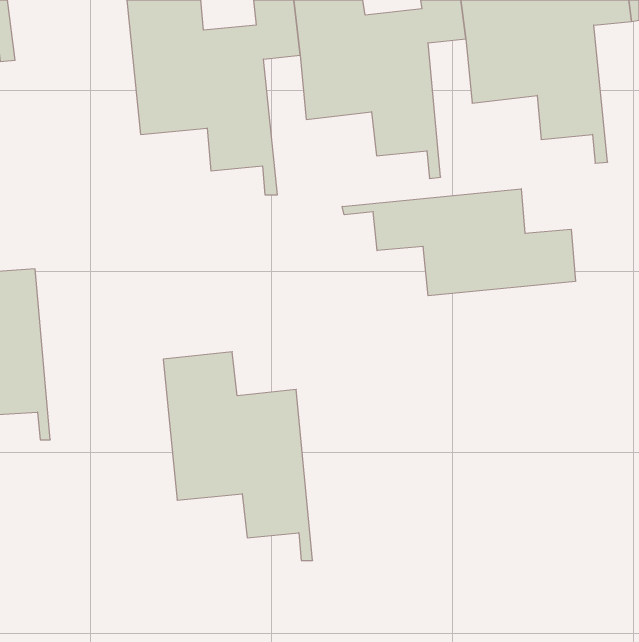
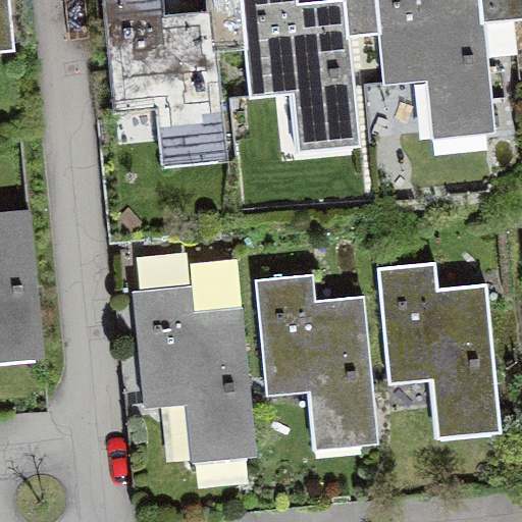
building: [342,189,575,296] -> none
building: none -> [376,261,499,431]
building: none -> [254,274,376,443]

